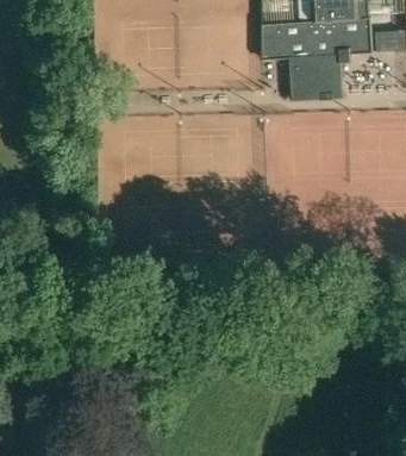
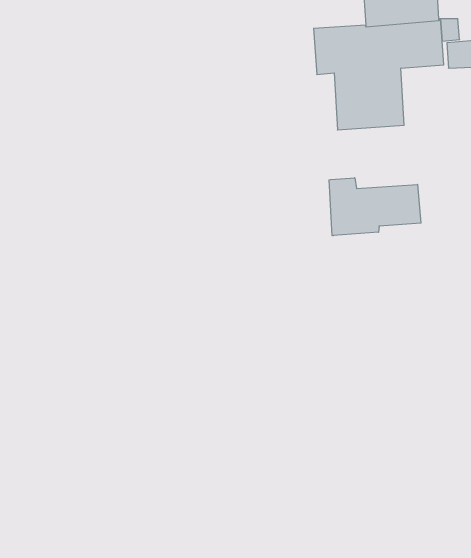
building: none -> [329,178,421,236]

